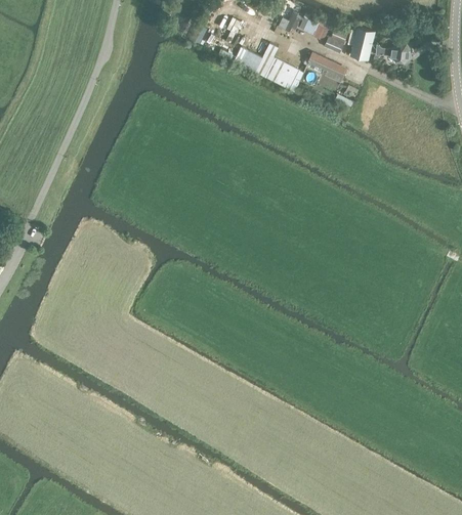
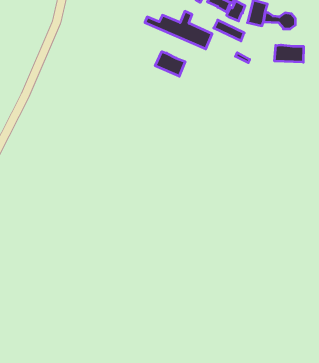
building: none -> [275,45,303,62]
building: none -> [155,52,185,76]

